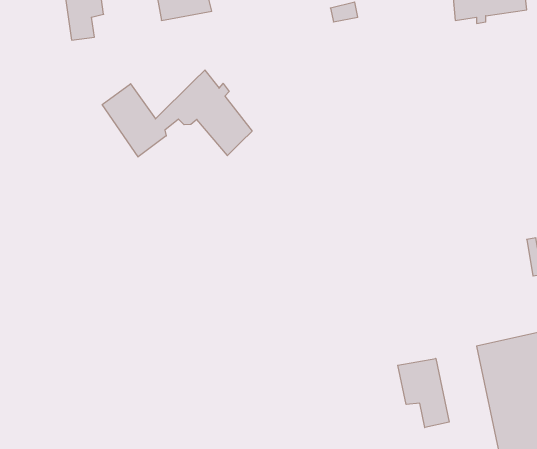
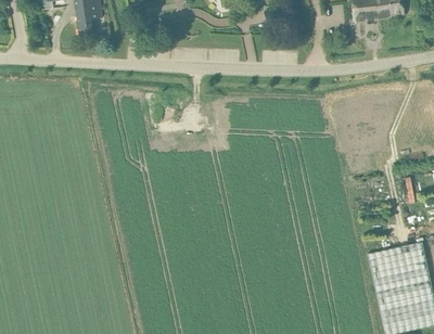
building: [102,70,252,157] -> none
building: [398,358,449,428] -> none

